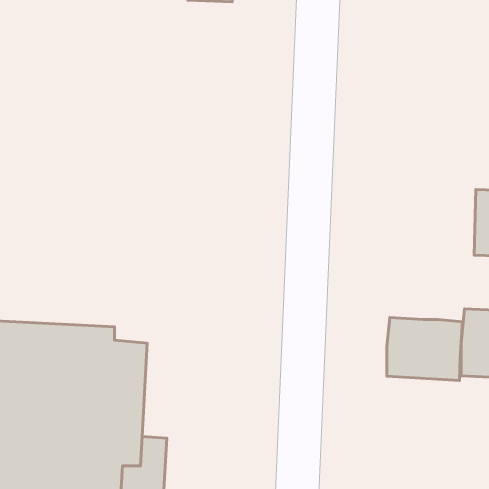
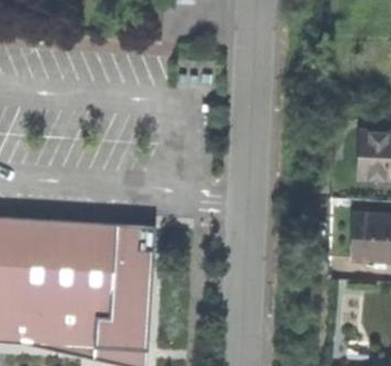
building: [387,318,462,380] -> none

